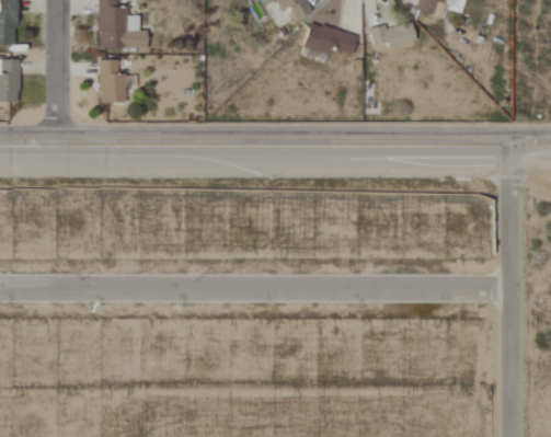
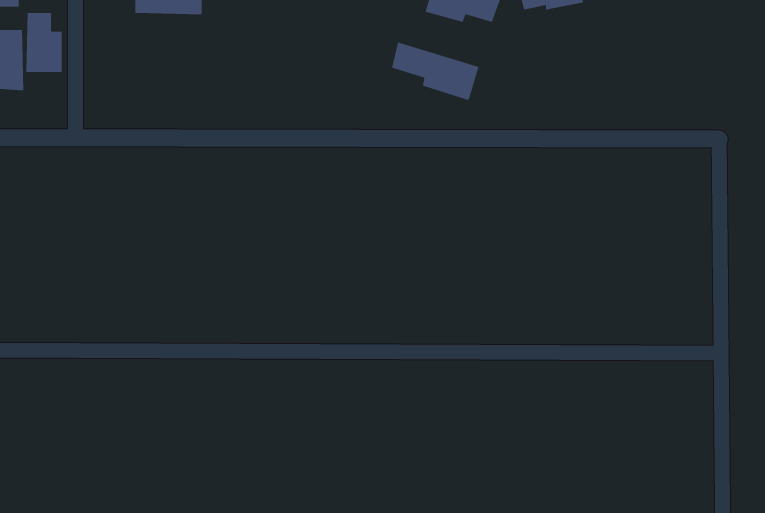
building: [99,59,125,102] -> [25,12,63,73]
building: none -> [391,42,480,101]

